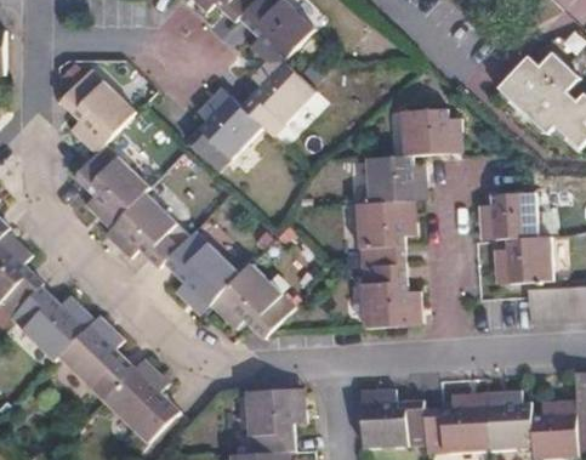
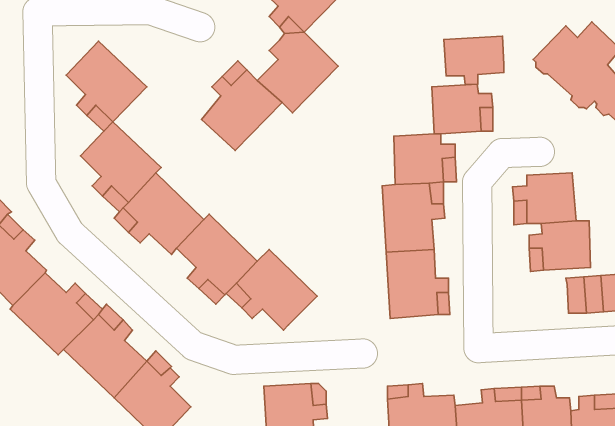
building: none -> [444,36,504,85]

